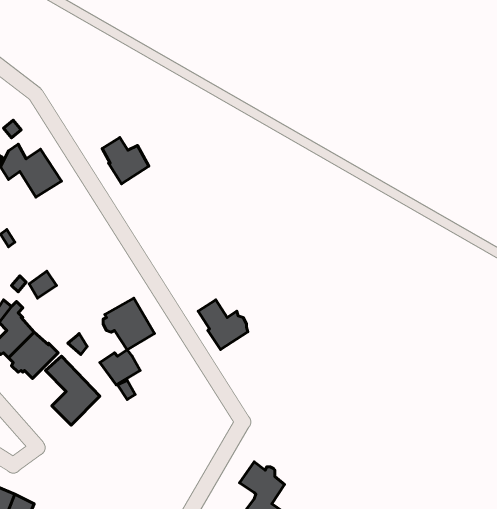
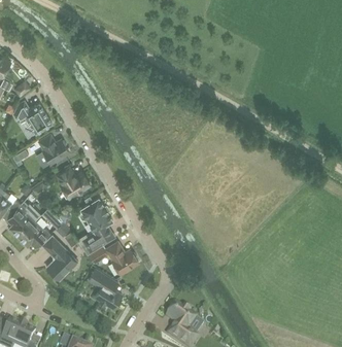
building: [102,137,149,184] -> [39,133,69,163]
building: none -> [57,166,90,197]
building: [198,300,248,350] -> [106,241,138,273]
building: none -> [91,268,122,307]

